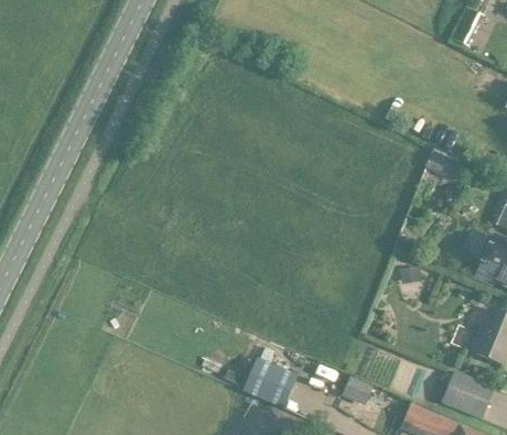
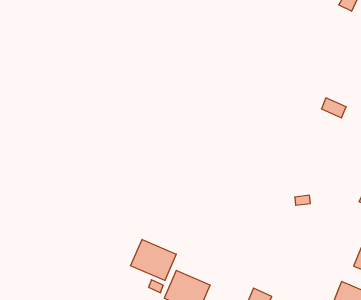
building: none -> [131,239,176,281]

